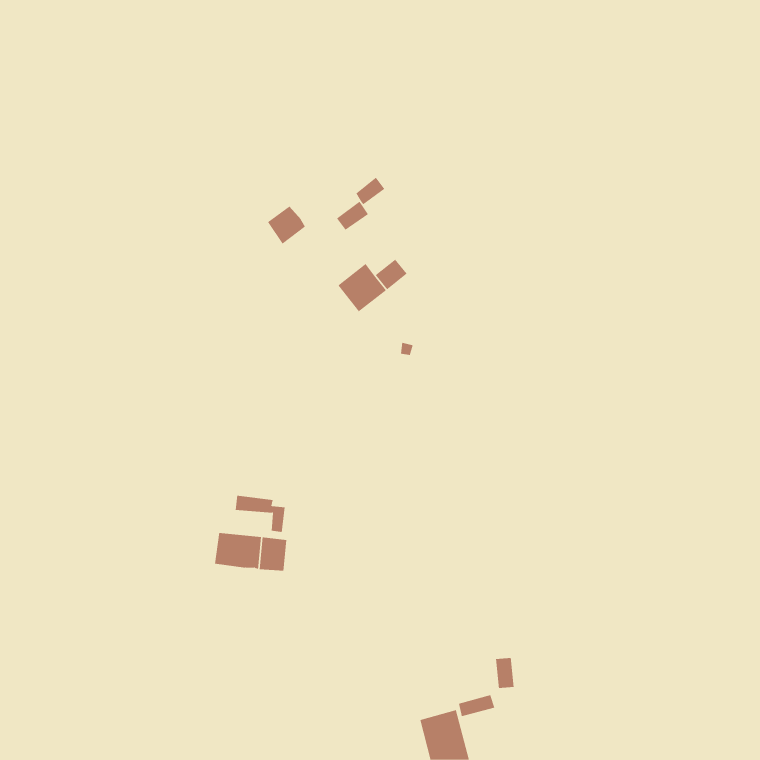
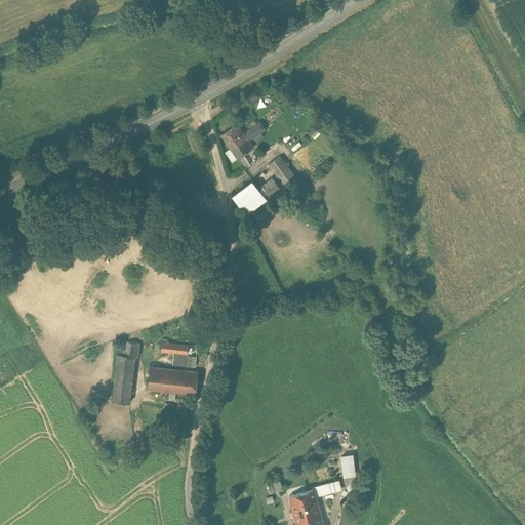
building: [267,206,306,244] -> [221,124,248,151]
building: none -> [268,155,295,186]
building: none -> [113,339,140,403]

